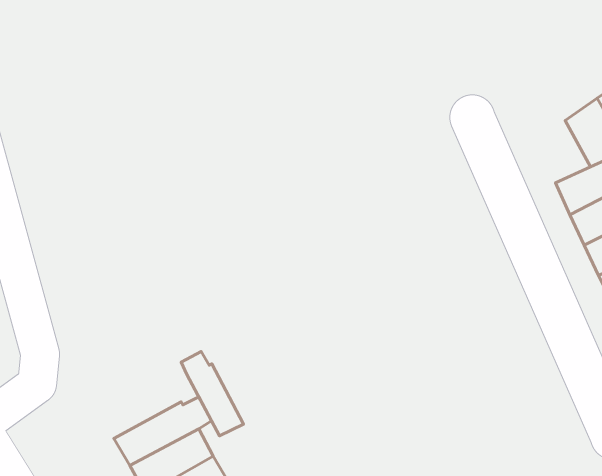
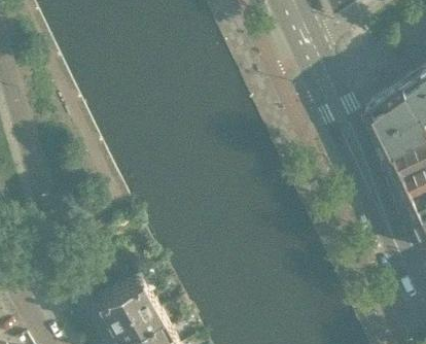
building: none -> [366,103,402,143]
building: [181,351,243,436] -> none

